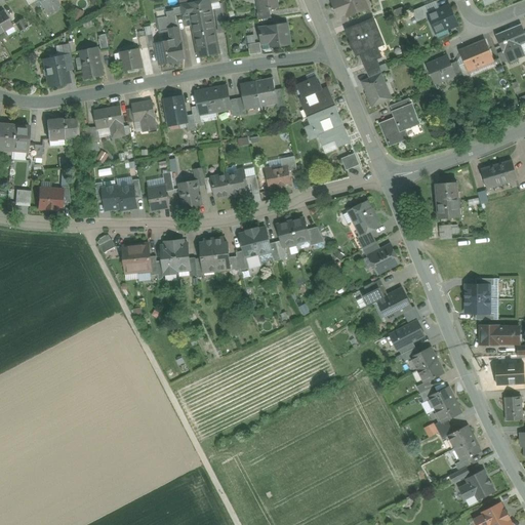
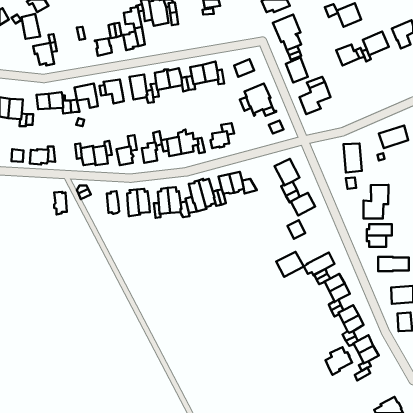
building: [258,22,290,47] -> none
building: [195,29,218,56] -> none
building: [79,46,103,78] -> [21,14,40,39]
building: [301,87,334,116] -> none
building: none -> [363,185,389,219]
building: [121,244,137,273] -> [54,192,67,214]
building: [376,288,411,320] -> [276,252,304,277]
building: [459,471,493,506] -> [325,347,352,375]

